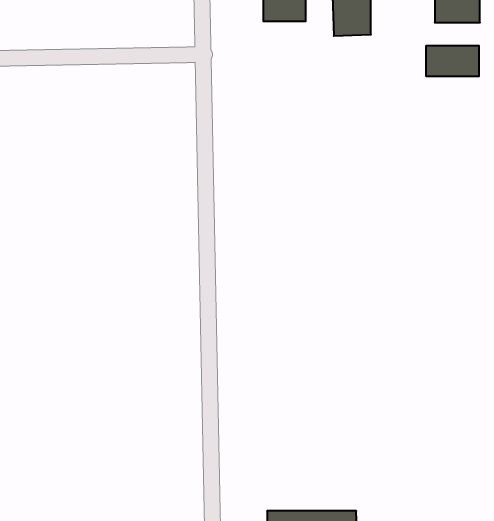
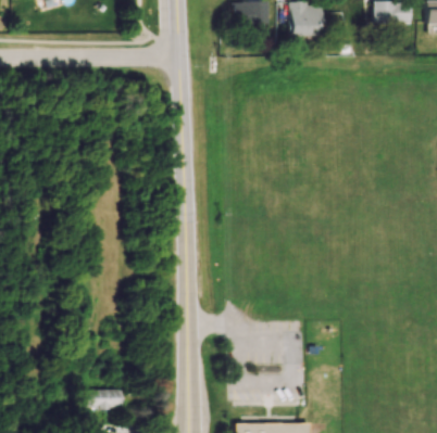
building: [426,46,479,76] -> none
building: none -> [87,390,125,409]

